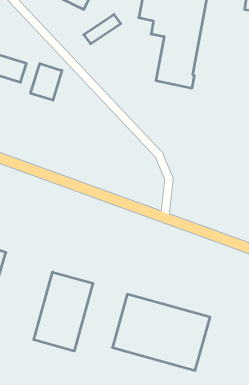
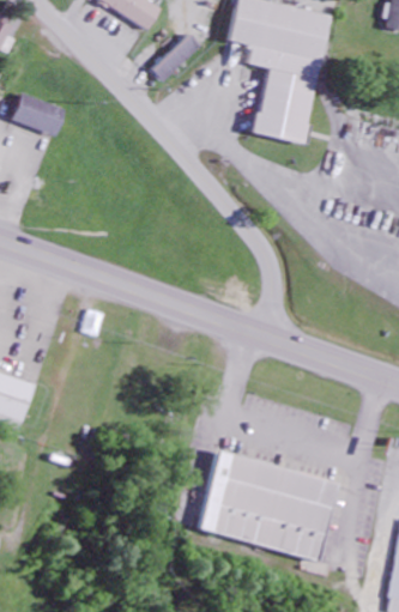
building: [31,64,62,100] -> none
building: [34,272,93,351] -> none

